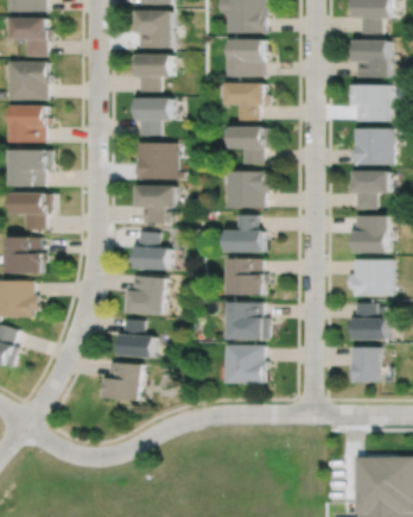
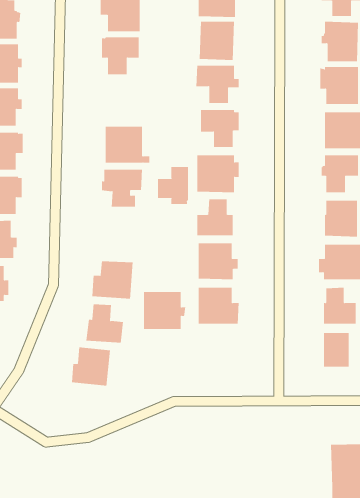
building: [131,97,169,135] -> none
building: none -> [157,166,188,205]
building: [131,232,169,270] -> none
building: [224,346,267,384] -> [143,291,186,330]

